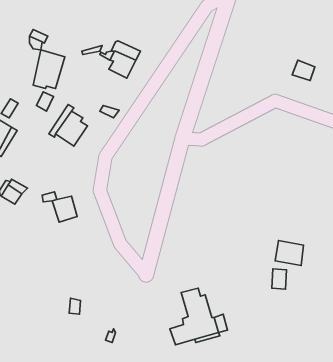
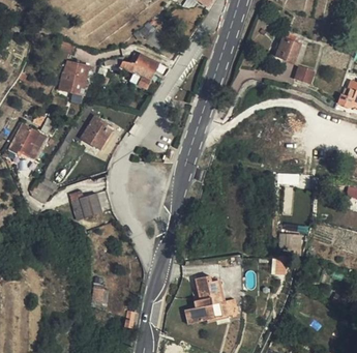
building: none -> [276,35,302,64]

